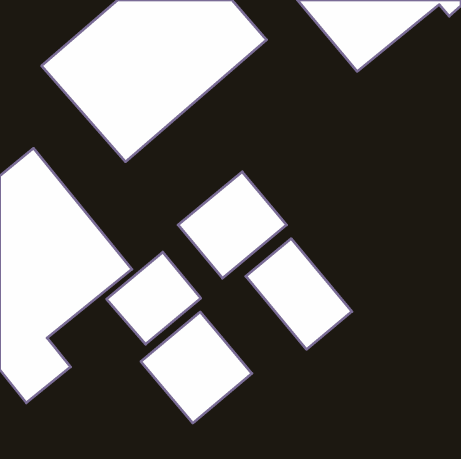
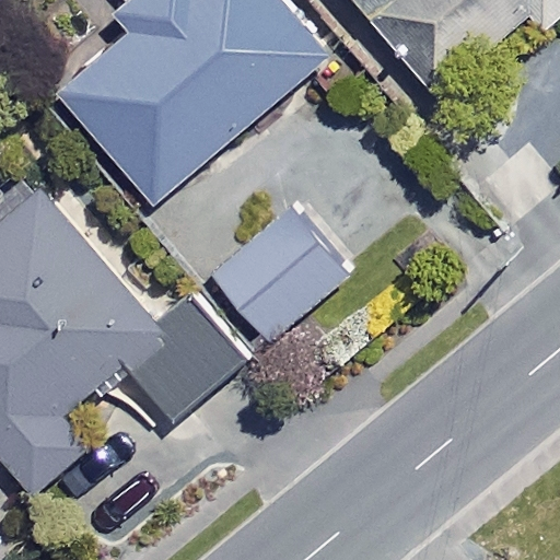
building: [246,239,352,349] -> none
building: [141,312,252,423] -> none

